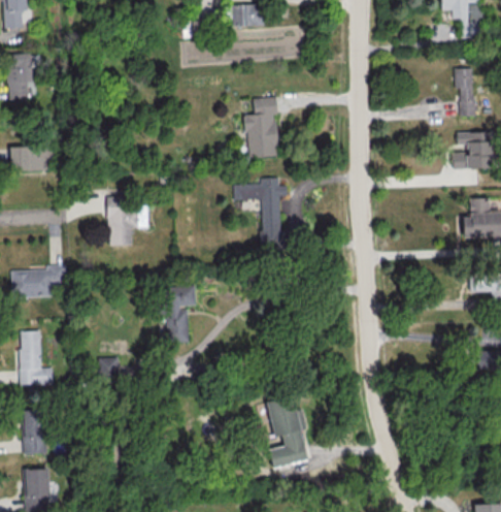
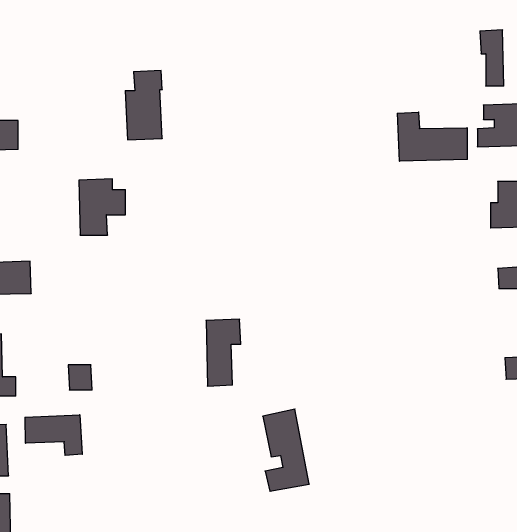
building: [245,97,277,157] -> [125,71,162,140]
building: none -> [397,112,467,161]
building: [233,178,288,247] -> none
building: [166,285,196,343] -> [206,319,241,386]
building: none -> [25,415,82,455]

